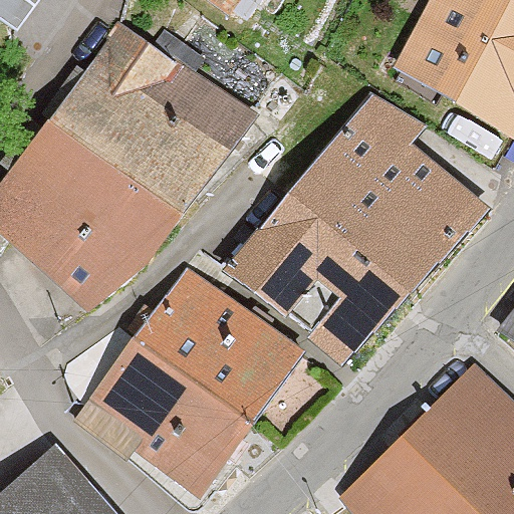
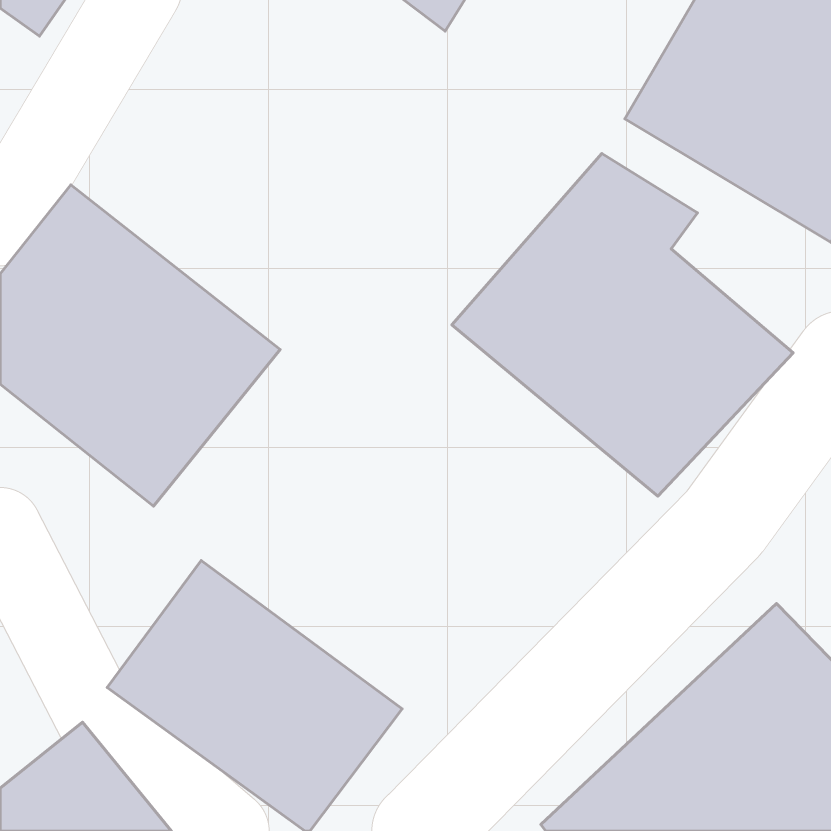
building: [50,16,254,213] -> none
building: [220,198,408,377] -> none
building: [130,264,309,432] -> none

